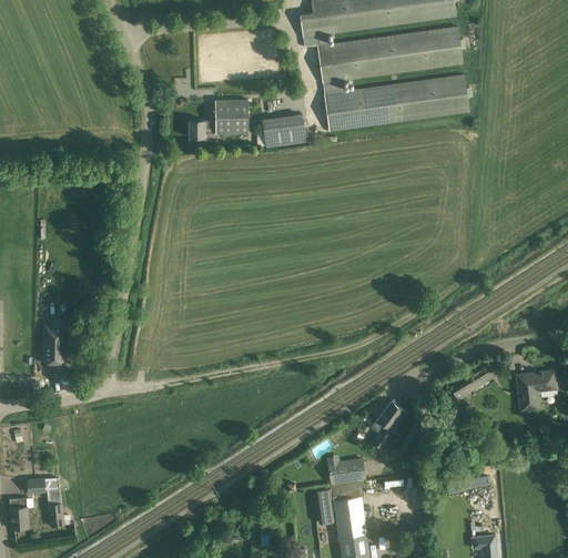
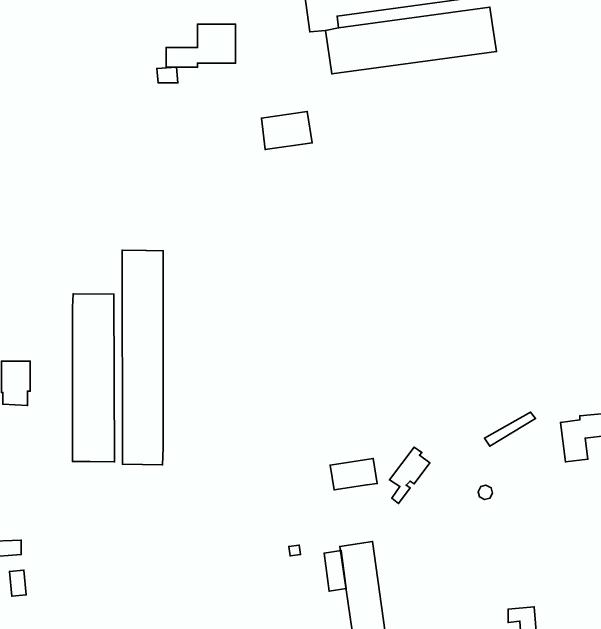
building: [323,73,469,131] -> none
building: [189,100,247,136] -> [166,24,235,67]
building: none -> [122,250,163,465]
building: none -> [72,294,114,462]
building: [326,457,366,484] -> [330,459,377,490]

